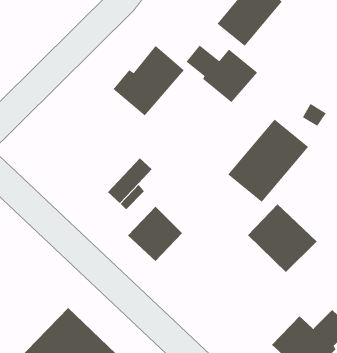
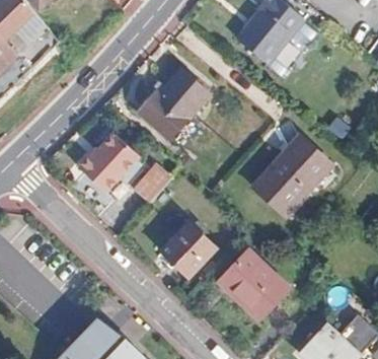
building: [185,45,258,103] -> none
building: none -> [79,135,142,200]
building: [247,203,318,273] -> [219,264,287,331]

